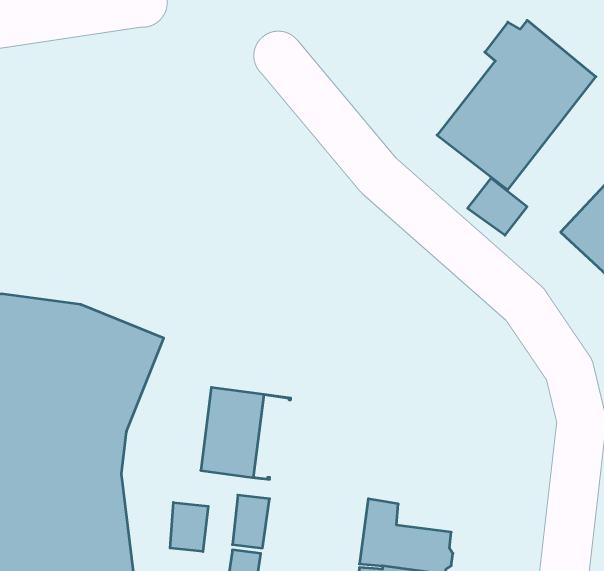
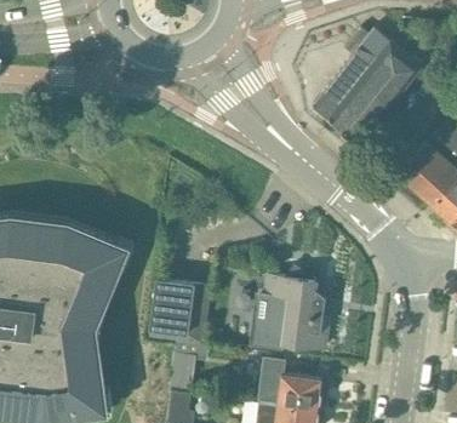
building: [468,178,527,235] -> none
building: none -> [249,270,329,351]
building: [170,502,208,552] -> none

